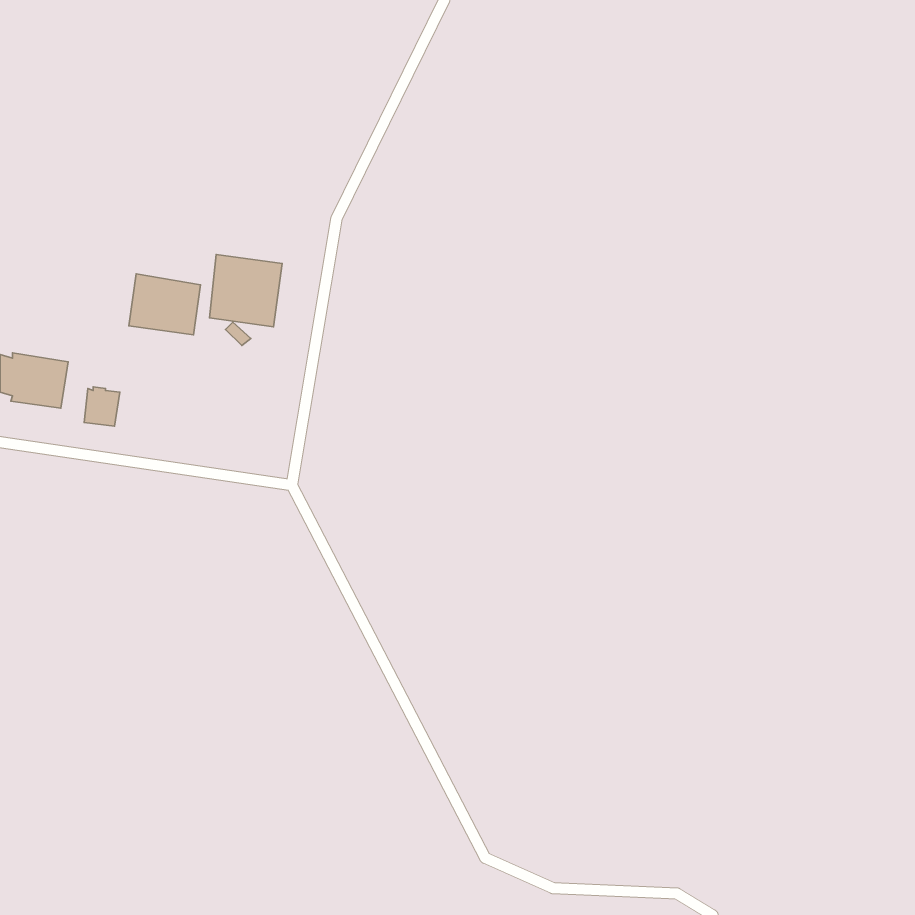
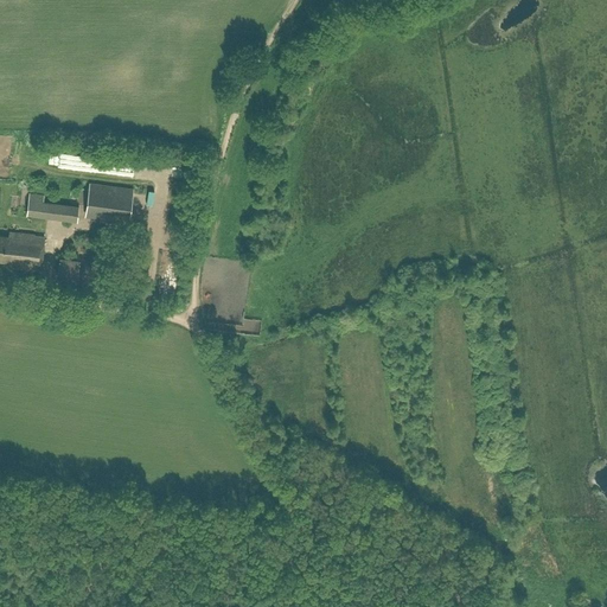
building: [210,254,282,327] -> none
building: none -> [26,192,81,224]

